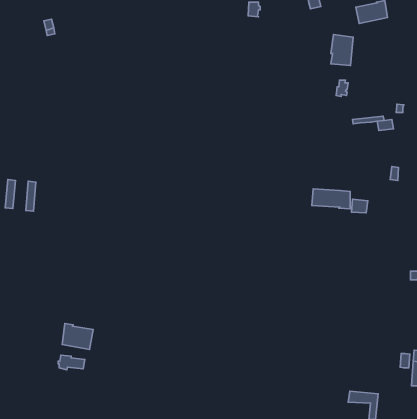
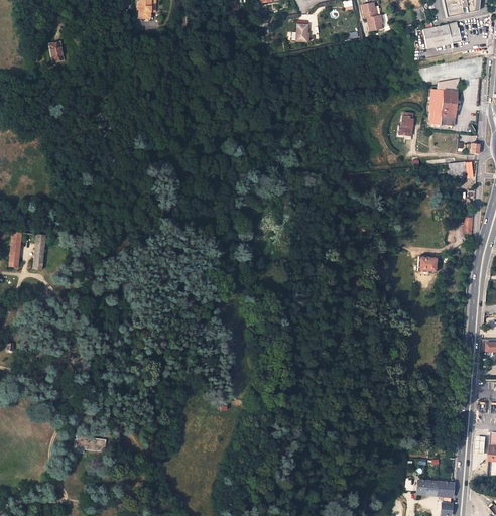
building: [331,35,353,65] -> [429,88,456,124]
building: [312,189,350,209] -> none
building: [62,323,93,349] -> none

